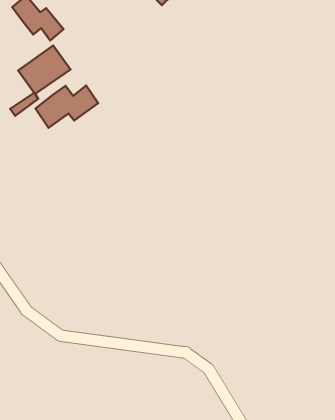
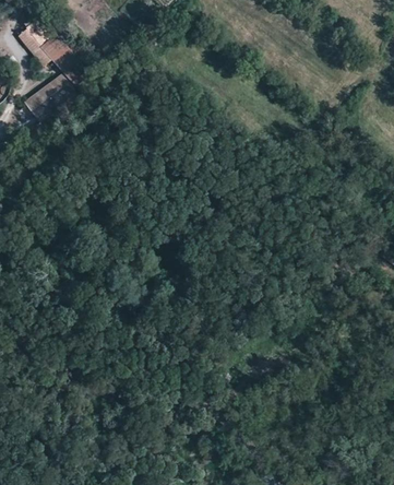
building: [35,85,98,128] -> none

